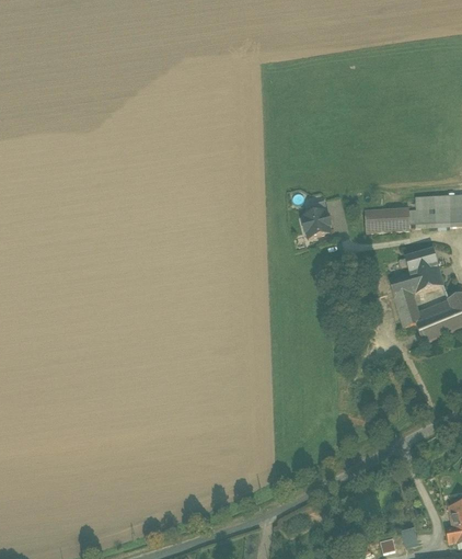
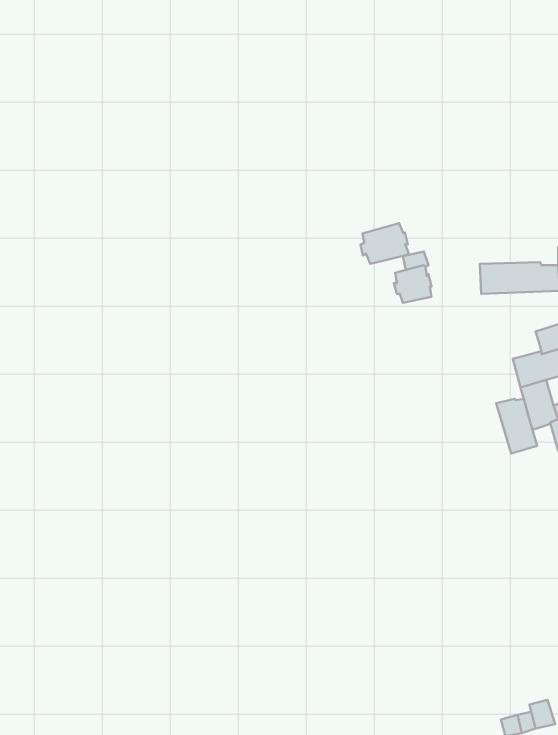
building: none -> [361,223,408,264]
building: none -> [496,399,537,453]

